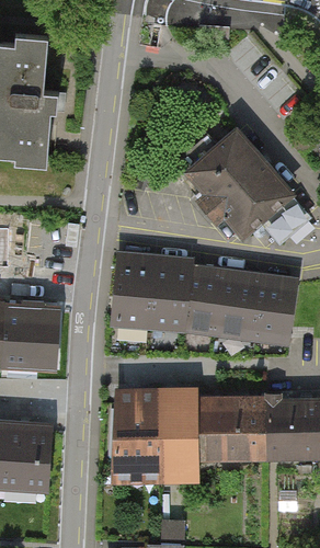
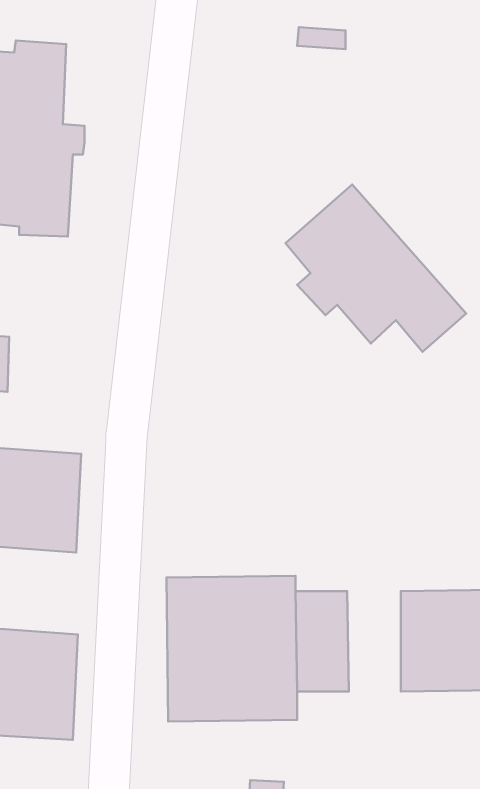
building: [113,264,297,336] -> none
building: [230,398,265,464] -> none

